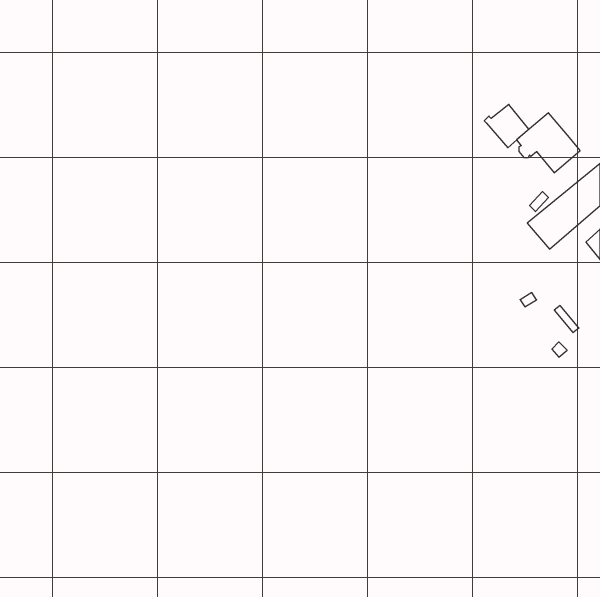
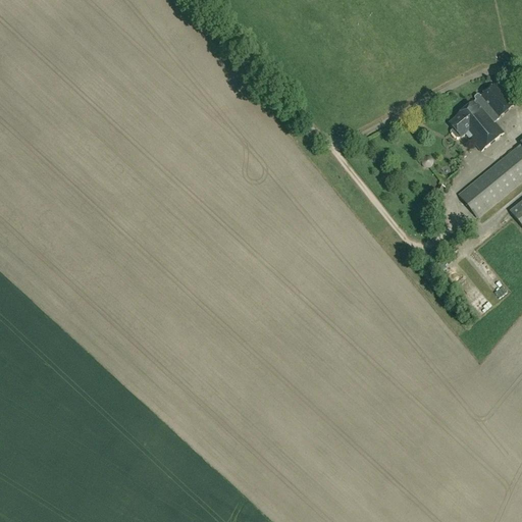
building: [484,104,529,148] -> [474,82,513,119]

